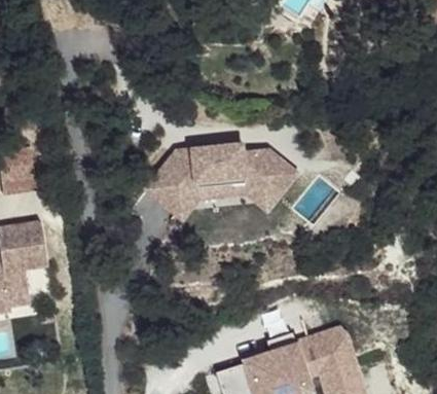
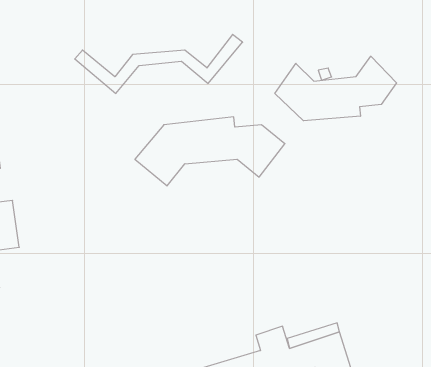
building: none -> [275,56,397,121]
building: [147,166,302,220] -> [75,34,243,93]

